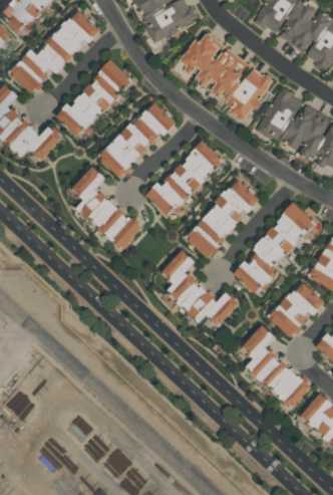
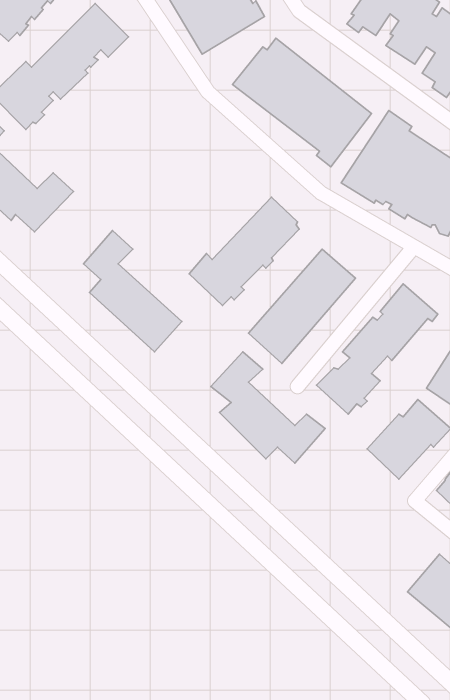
building: [54,58,134,138] -> none
building: [97,99,179,178] -> none
building: [241,323,311,410] -> none

